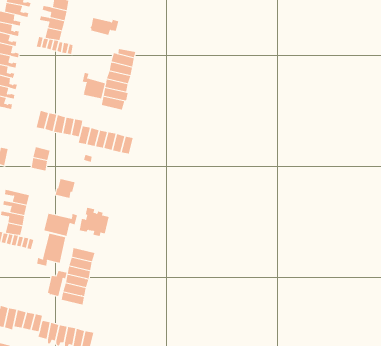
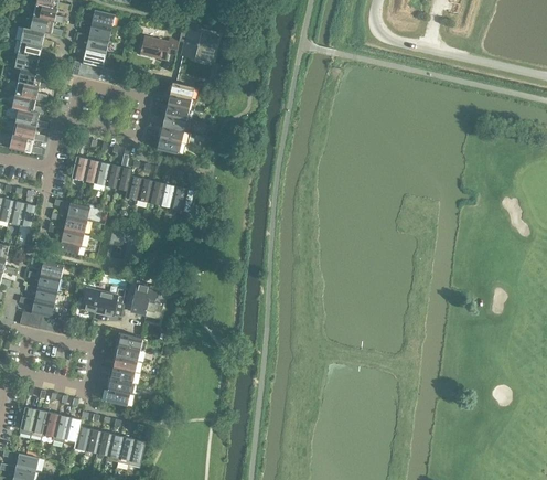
building: none -> [176,28,216,63]
building: [82,72,105,99] -> none
building: [55,179,75,198] -> [56,230,83,255]
building: [36,233,66,267] -> none
building: [47,270,67,297] -> none

